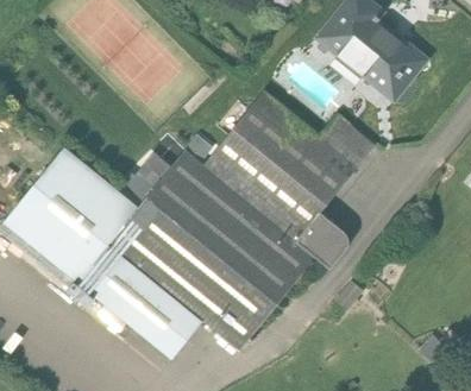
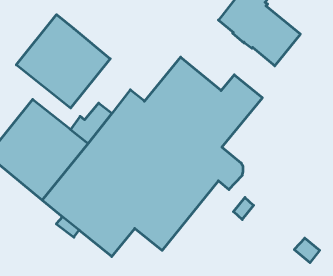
building: none -> [16,15,110,108]

